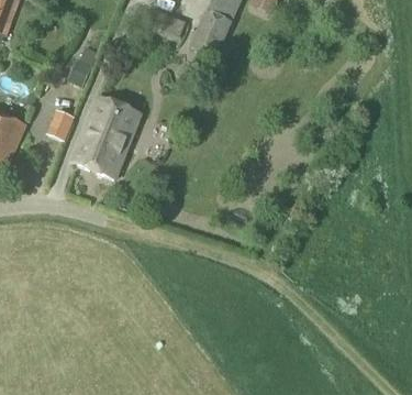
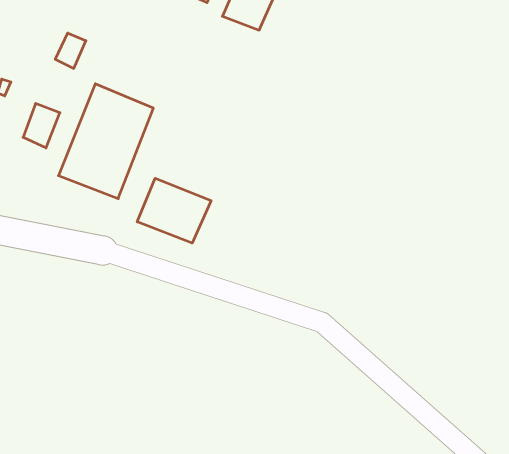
building: none -> [137,178,211,243]

